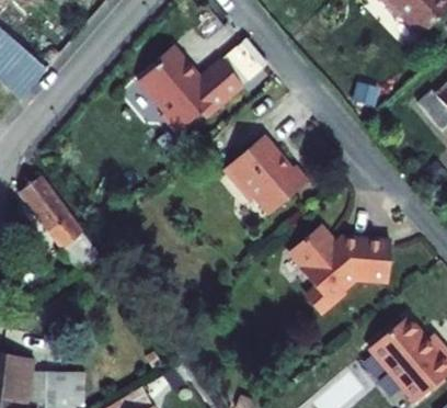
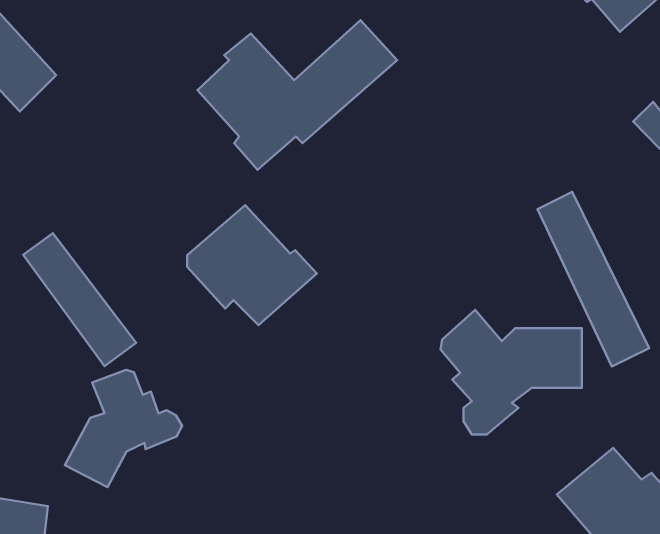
building: [226,132,311,211] -> [187,205,317,325]
building: none -> [537,192,649,366]
building: none -> [65,370,182,487]

